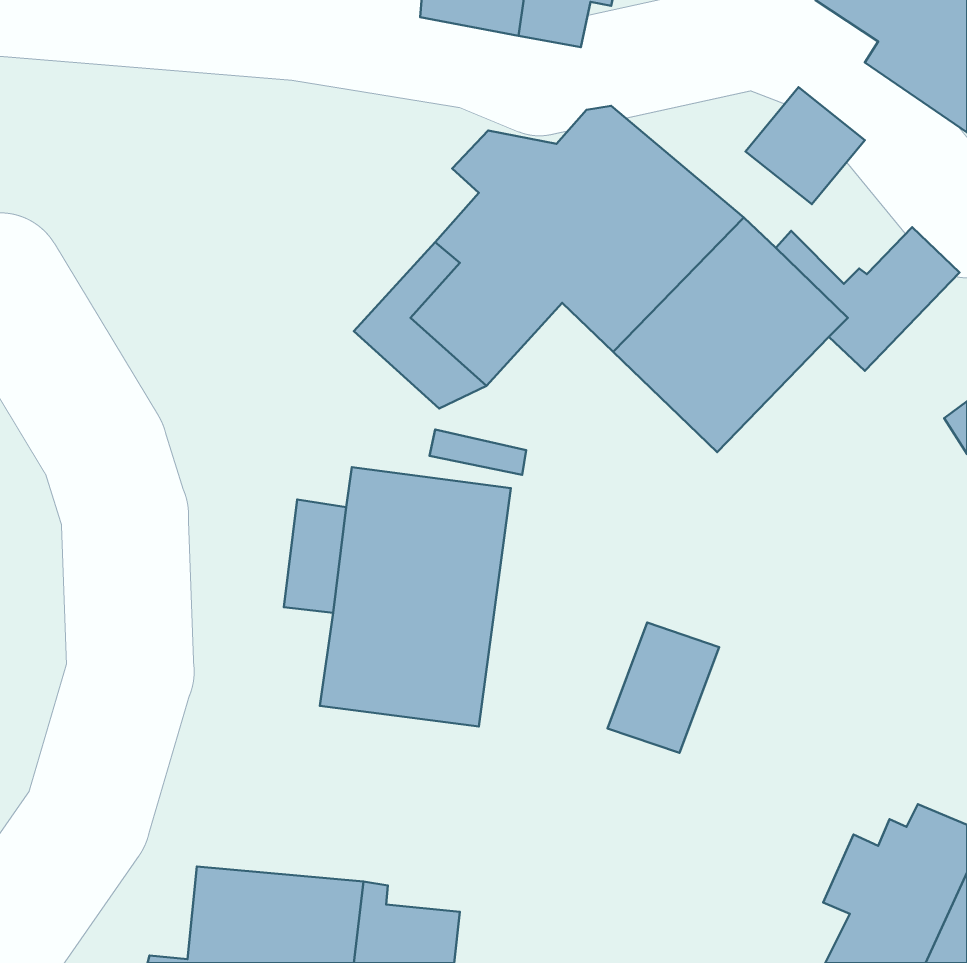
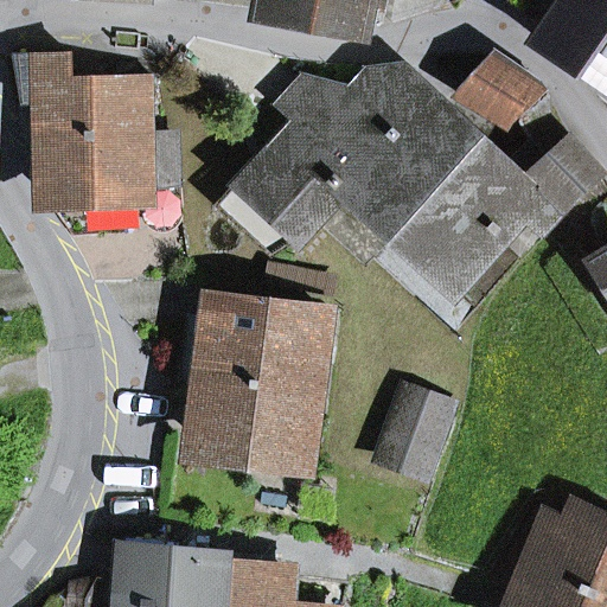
building: none -> [18,51,184,212]

